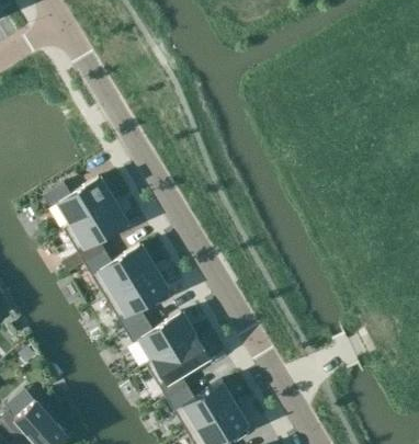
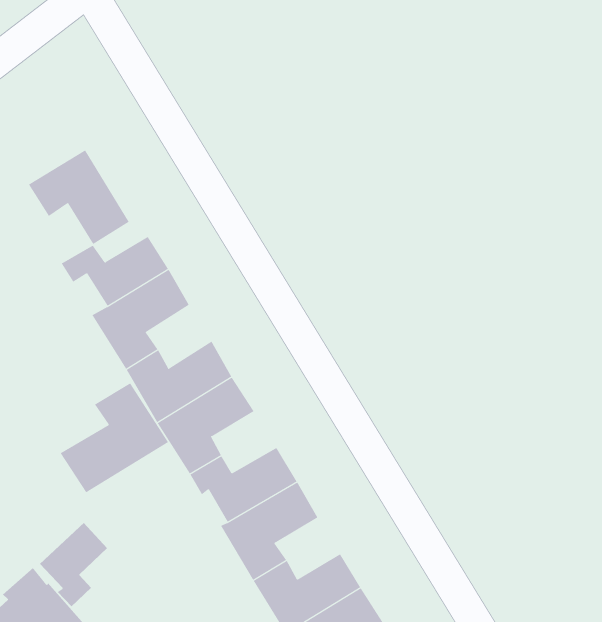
building: none -> [28,149,130,245]
building: none -> [60,383,169,493]
building: none -> [39,522,108,607]

